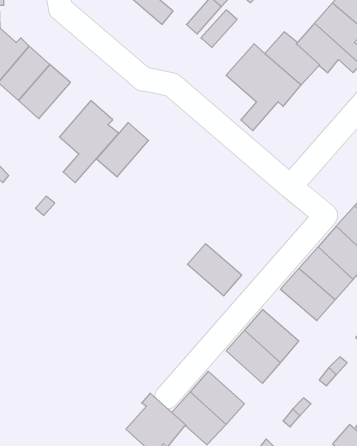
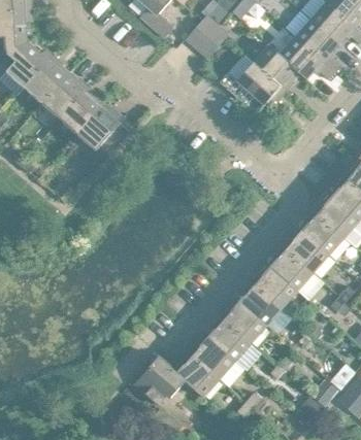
building: [97,122,149,177] -> [61,88,105,134]
building: [187,244,242,296] -> [252,264,298,308]
building: none -> [205,316,252,362]

